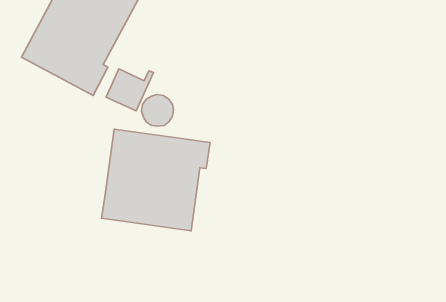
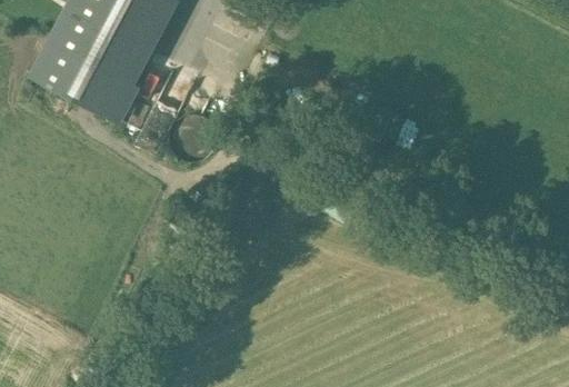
building: [101,129,210,231] -> none

